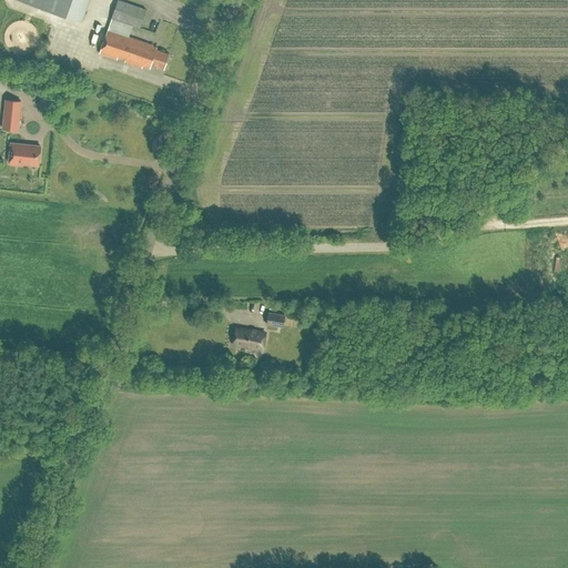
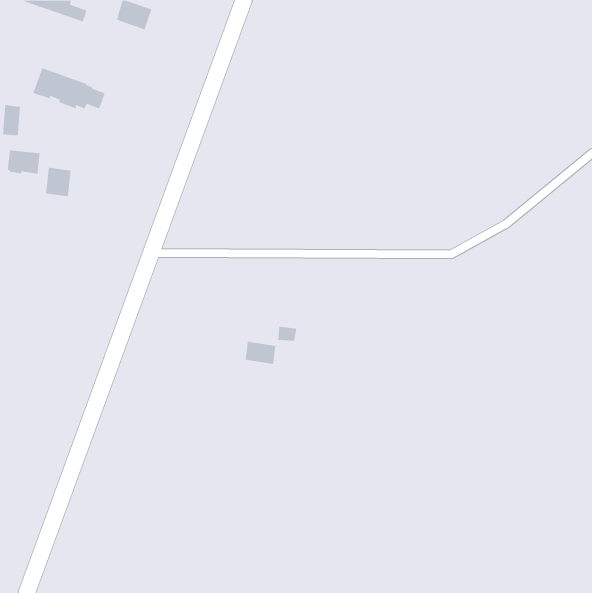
building: [99,29,169,69] -> [32,68,106,109]
building: none -> [46,167,71,197]

